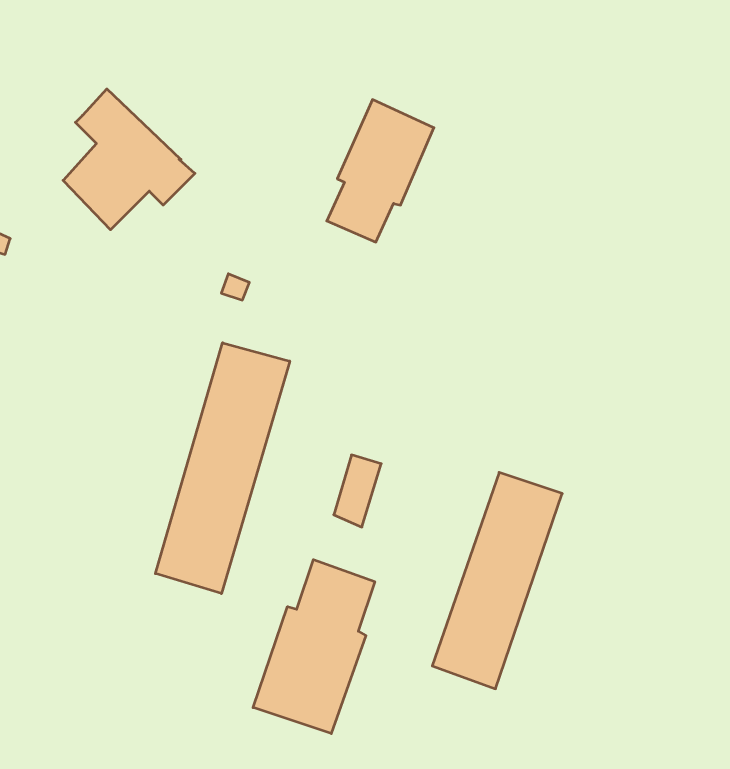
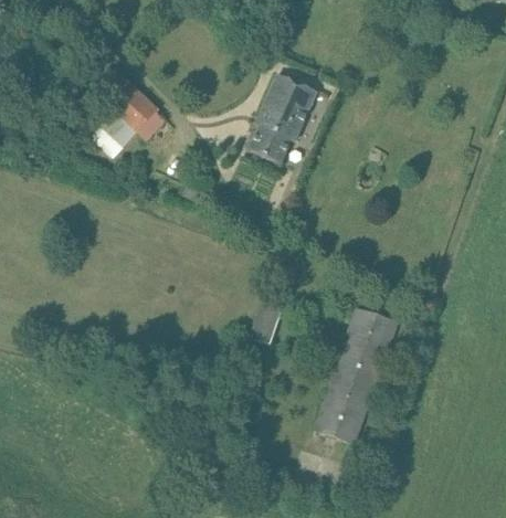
building: [155,343,290,594] -> none
building: [253,560,375,734] -> none

